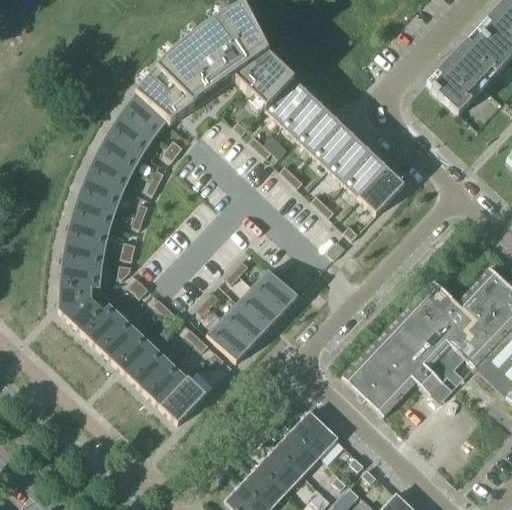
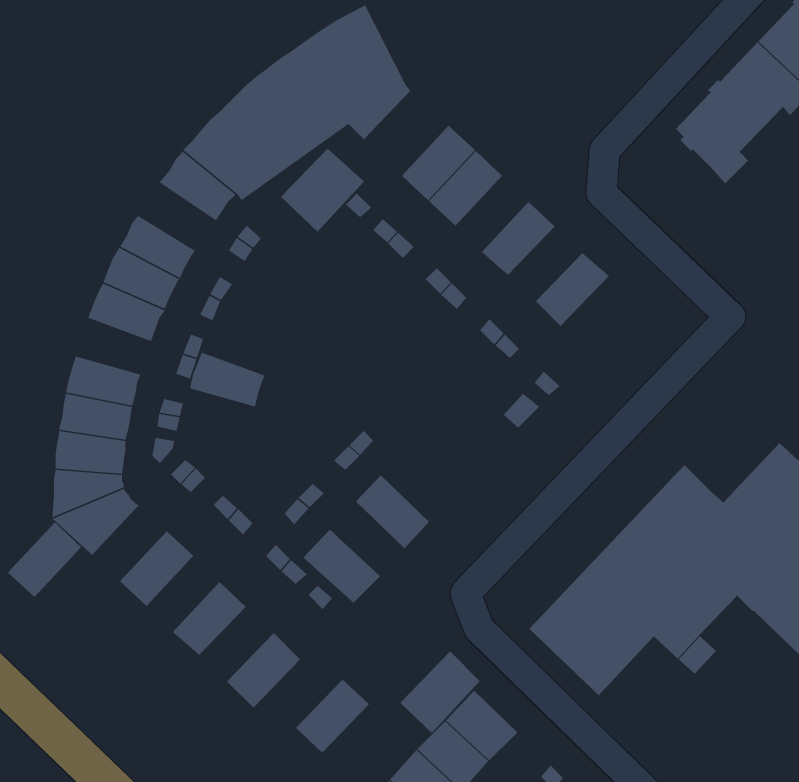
building: [244,59,294,109] -> [280,148,365,233]
building: [298,109,341,154] -> none
building: [111,113,157,153] -> none
building: [329,139,373,183] -> none
building: [360,168,405,214] -> none
building: [74,193,119,226] -> [189,351,266,407]
building: [254,269,299,313] -> none
building: [224,301,268,345] -> none
building: [84,303,128,348] -> [7,522,82,598]
building: [116,333,159,378] -> none
building: [147,363,191,407] -> [295,679,370,753]
building: none -> [399,650,480,734]

